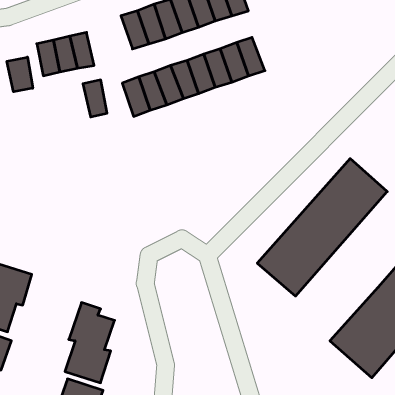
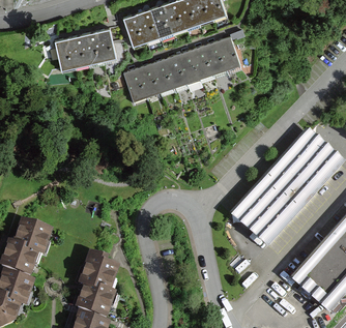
building: [7,57,33,92] -> none
building: [83,80,107,117] -> [94,28,114,58]

